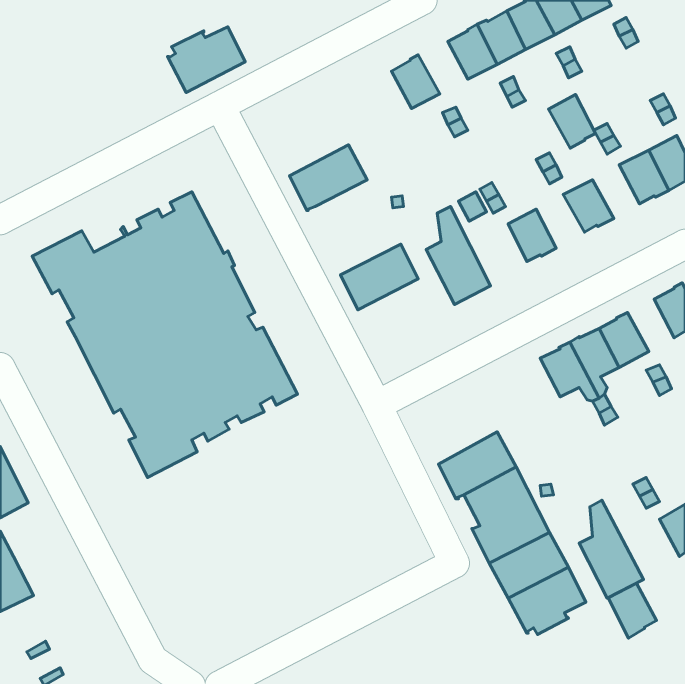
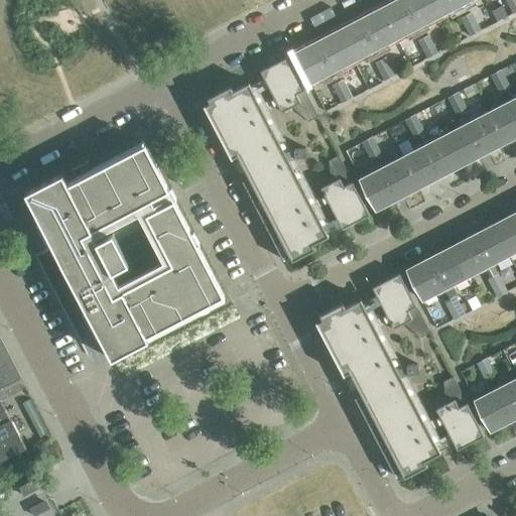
building: [168,27,245,93] -> [204,84,262,133]
building: none -> [314,32,352,72]
building: none -> [260,57,317,122]
building: [549,94,596,148] -> [445,125,481,165]
building: none -> [237,136,301,208]
building: none -> [403,147,439,187]
building: none -> [360,169,396,211]
building: none -> [269,211,329,262]
building: none -> [472,226,507,265]
building: none -> [372,274,430,339]
building: none -> [315,299,374,350]
building: [608,583,657,638] -> [475,391,511,432]

